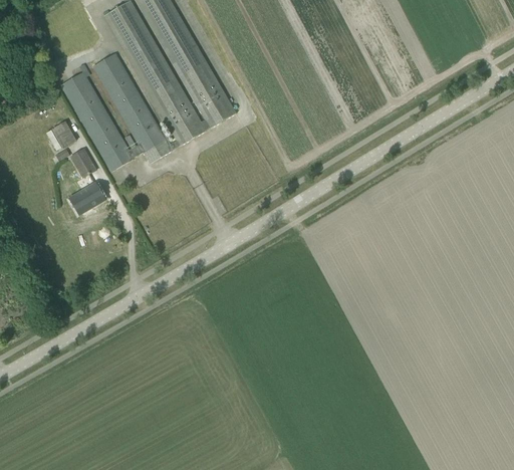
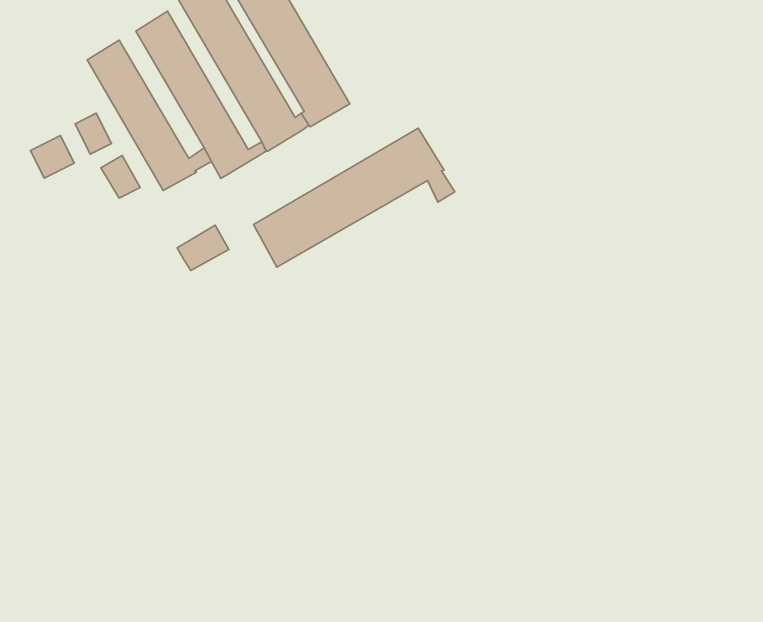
building: none -> [253,128,455,267]
building: none -> [30,136,74,178]
building: [70,183,104,213] -> [177,225,229,271]

